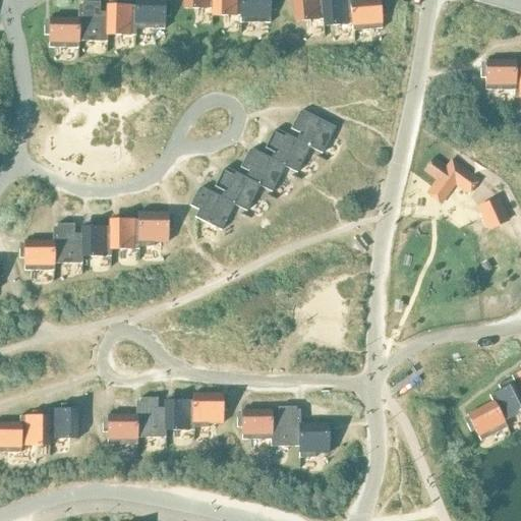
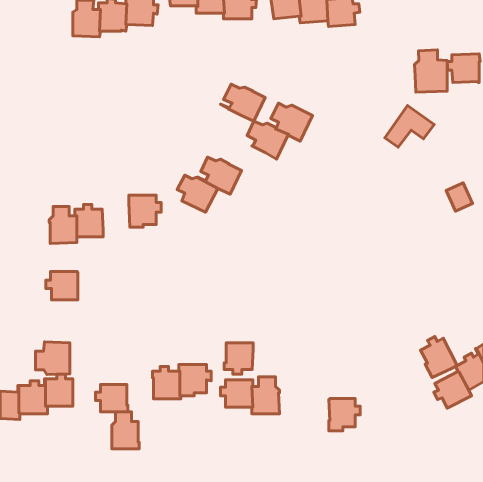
building: [45,15,79,46] -> none
building: none -> [414,50,447,92]
building: [238,150,286,189] -> [221,84,265,121]
building: [428,158,481,202] -> [385,106,434,147]
building: [111,213,140,247] -> none
building: [20,238,55,269] -> [46,271,78,300]
building: none -> [421,337,457,377]
building: none -> [35,342,70,374]
building: none -> [224,343,253,374]
building: [137,396,167,436] -> [112,412,139,449]
building: [300,421,334,456] -> [329,399,360,431]

